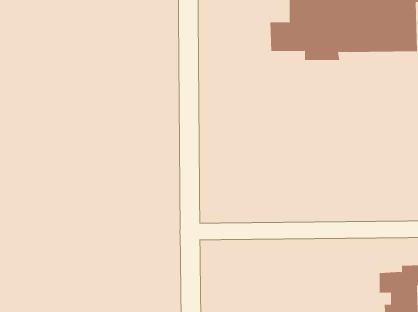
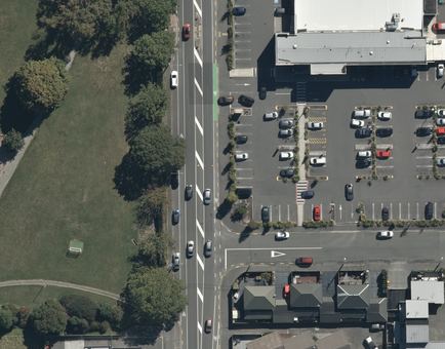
building: none -> [244,284,387,325]

